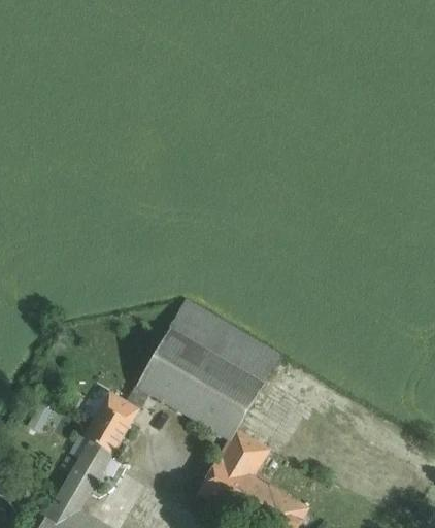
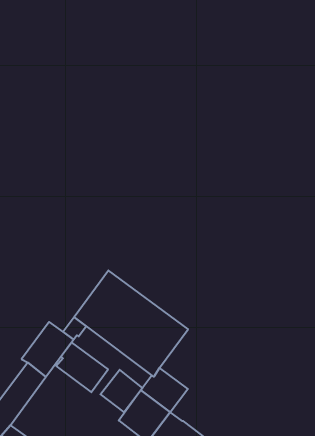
building: [166,297,280,386] -> none
building: none -> [56,342,108,392]
building: none -> [100,370,143,412]

